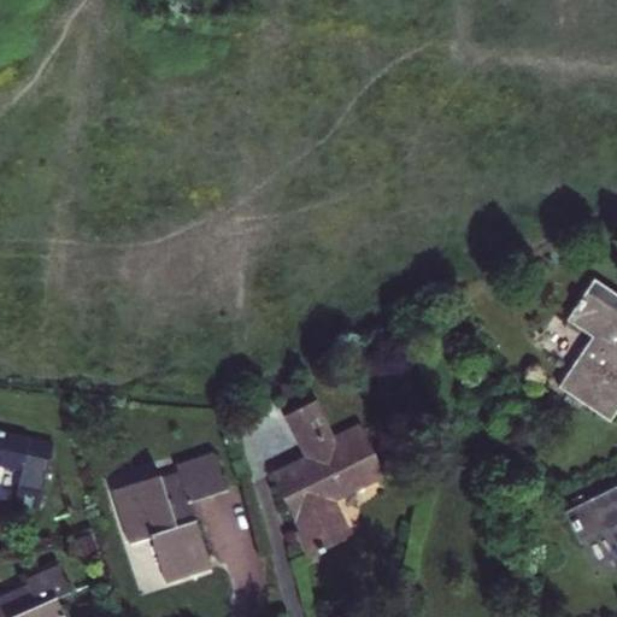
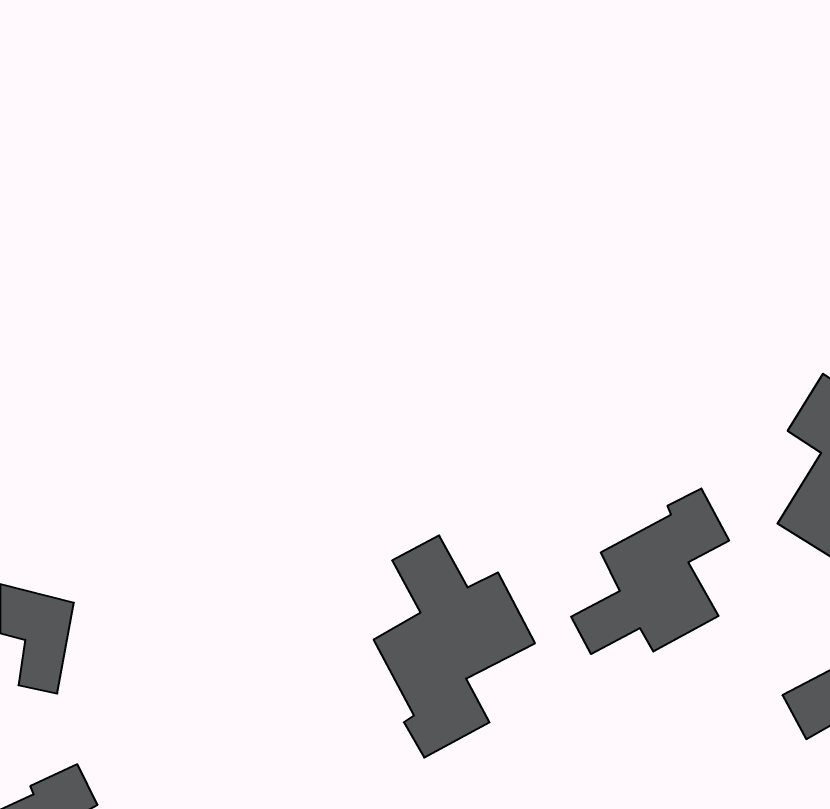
building: none -> [571,488,729,654]
building: [177,452,227,503] -> none
building: [113,472,212,582] -> none

